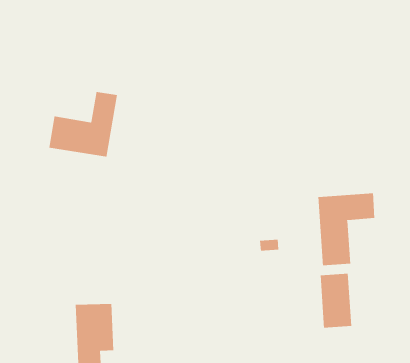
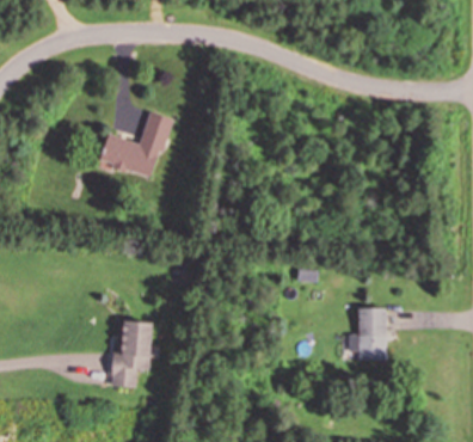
building: [318,193,375,266] -> none

